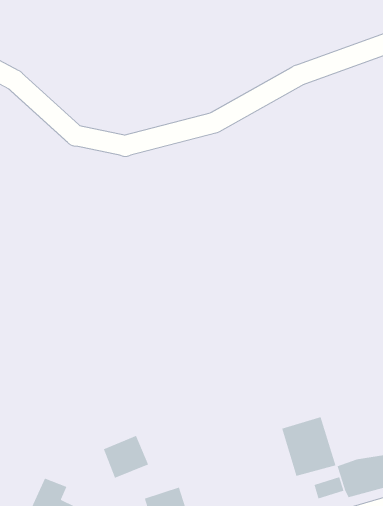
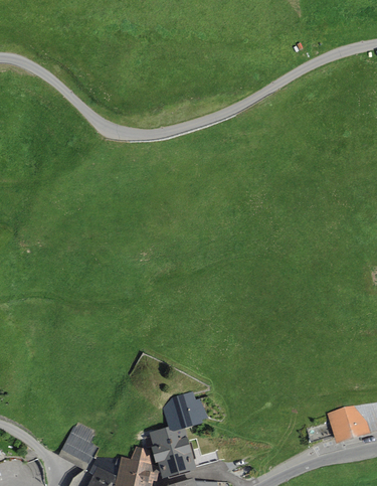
building: [281,416,336,477] -> none
building: [103,435,149,479] -> [167,392,207,431]

